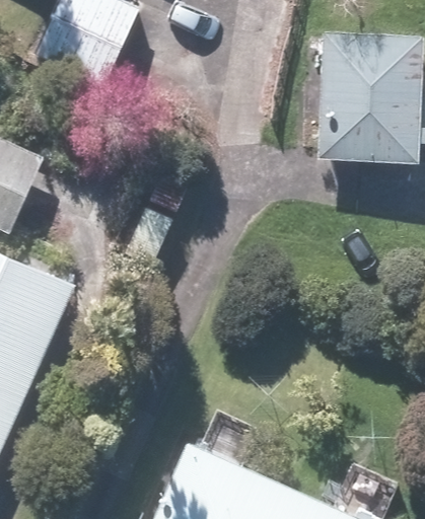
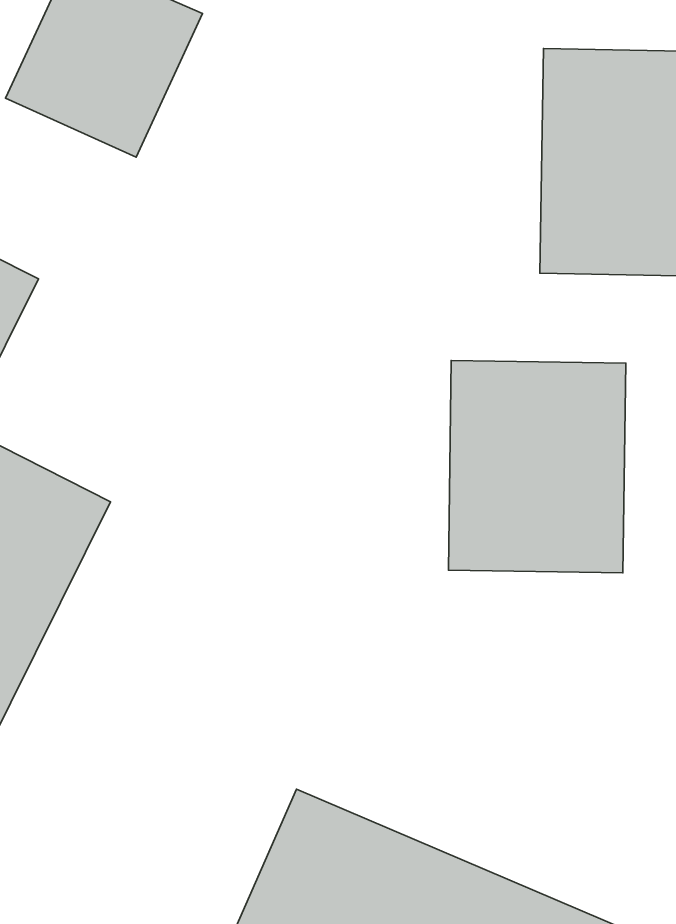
building: none -> [448,360,626,573]

